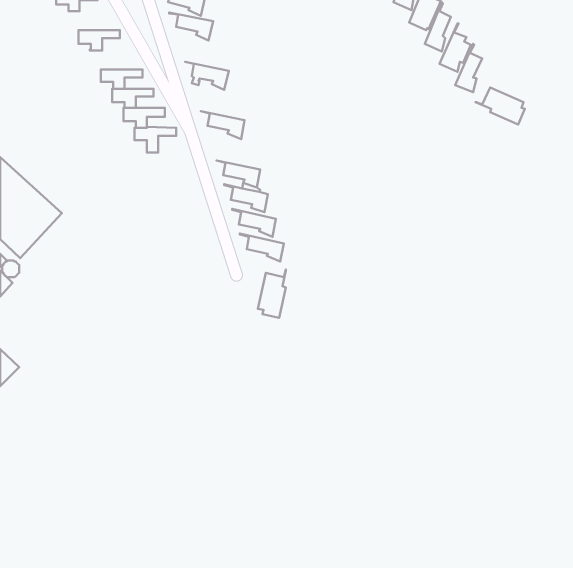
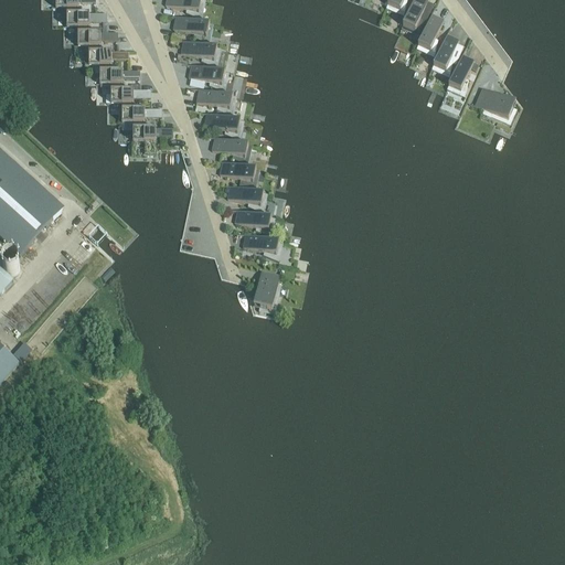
building: none -> [66,11,107,30]
building: none -> [174,36,217,64]
building: none -> [88,49,129,68]
building: none -> [190,85,233,113]
building: none -> [205,134,248,160]

